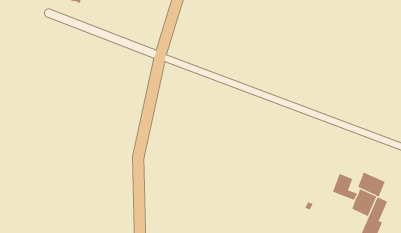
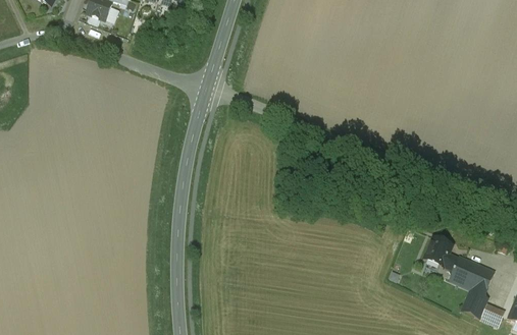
building: [357,172,386,197] -> none

